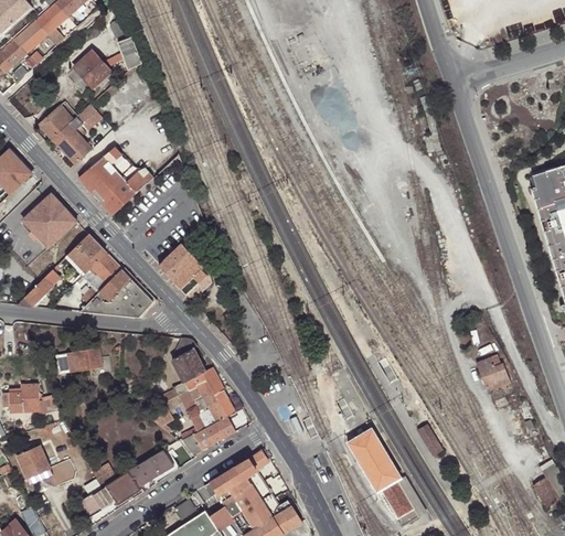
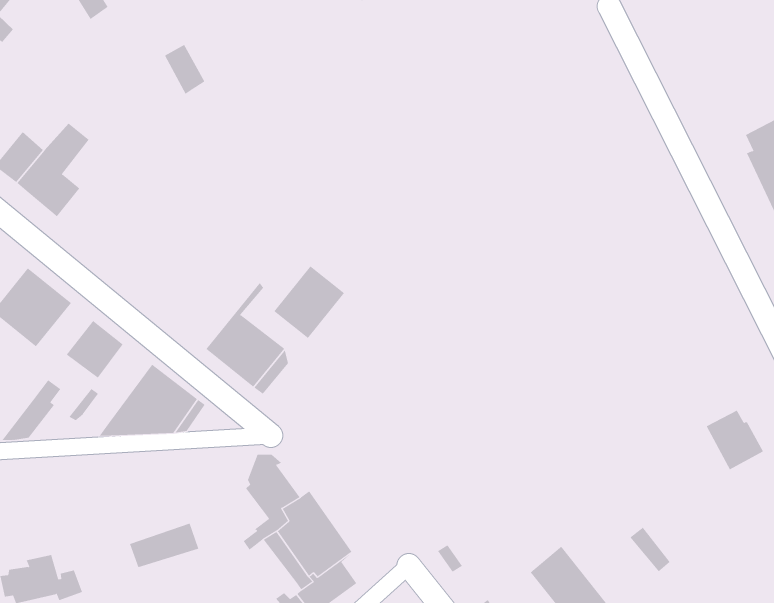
building: [118,36,142,69] -> [164,44,205,95]
building: [75,50,113,87] -> none
building: [78,146,153,215] -> none
building: none -> [274,265,345,339]
building: [81,254,122,303] -> none
building: [56,349,102,373] -> [129,523,199,568]

